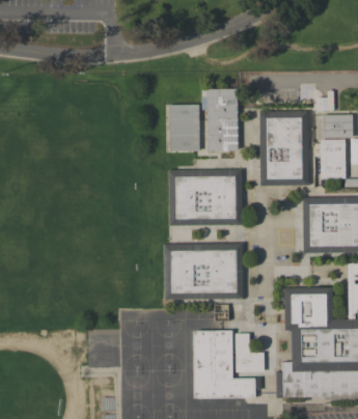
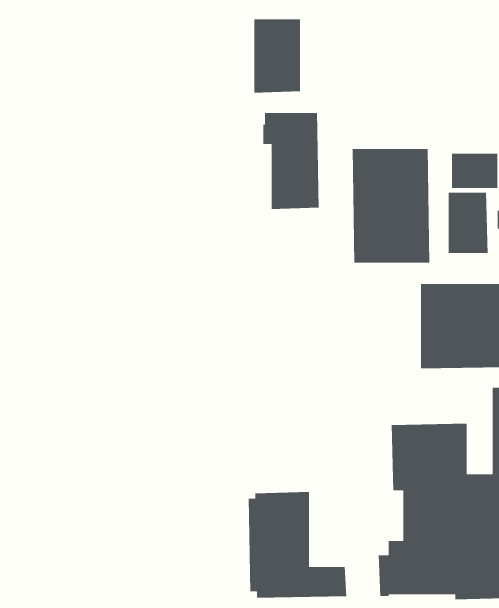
building: [169,105,199,152] -> [254,19,301,93]
building: [168,170,242,226] -> none
building: [164,244,243,300] -> none
building: [235,333,264,371] -> none

